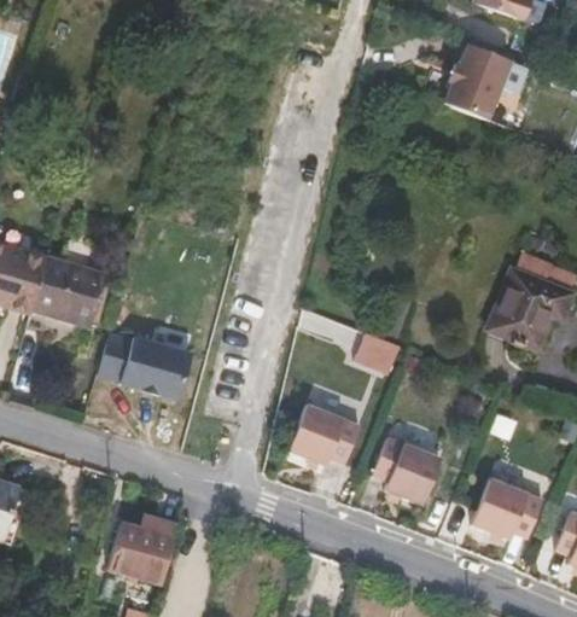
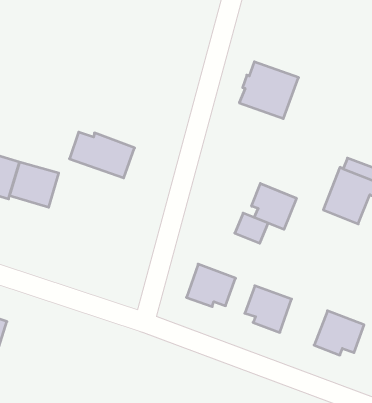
building: [443,46,529,128] -> [239,62,299,119]
building: none -> [252,183,296,229]
building: [98,331,192,397] -> [69,132,135,178]
building: [110,517,175,582] -> none

